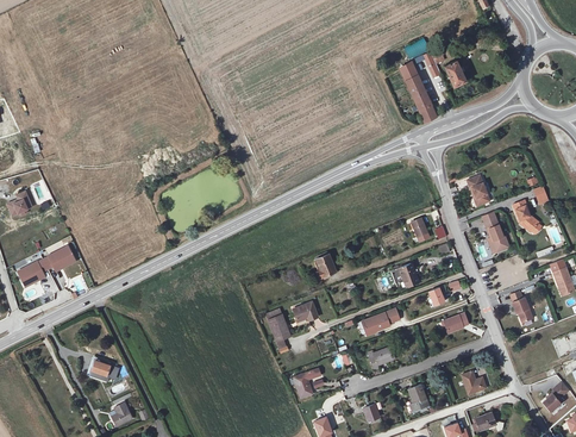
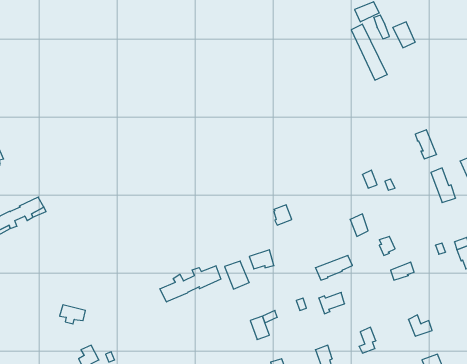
building: none -> [160,266,221,302]

